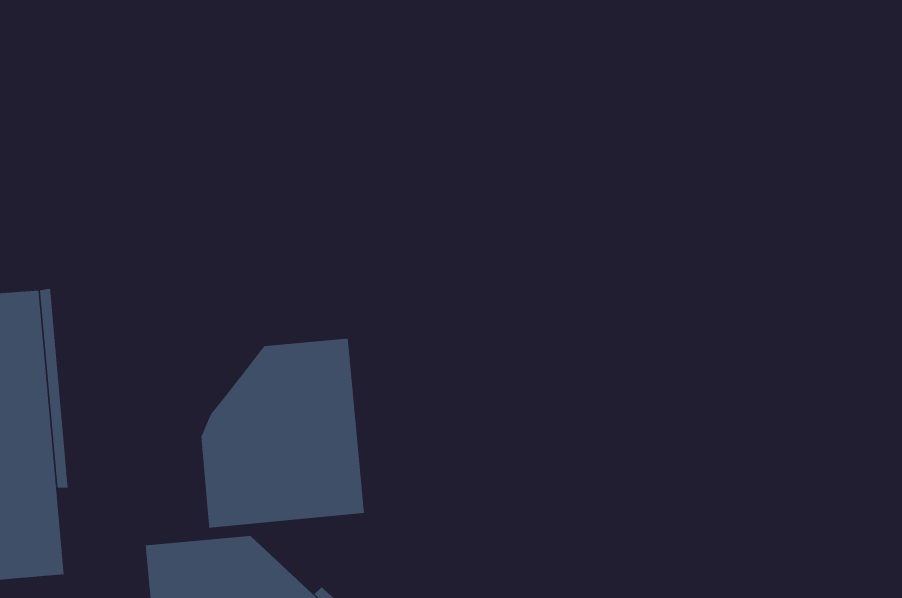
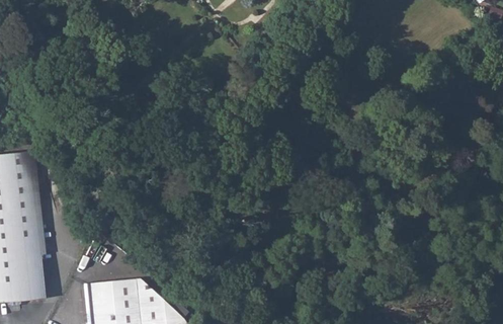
building: [201,338,365,528] -> none

